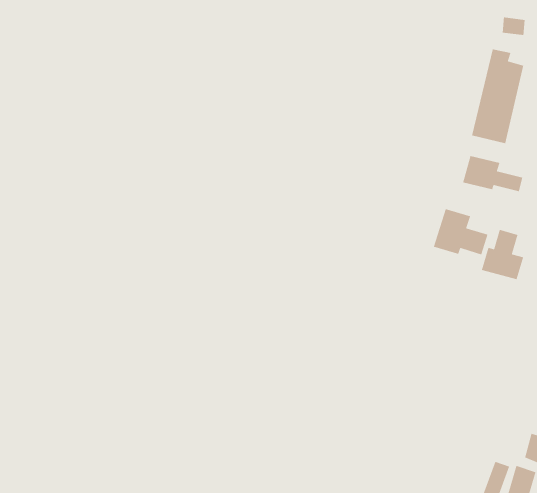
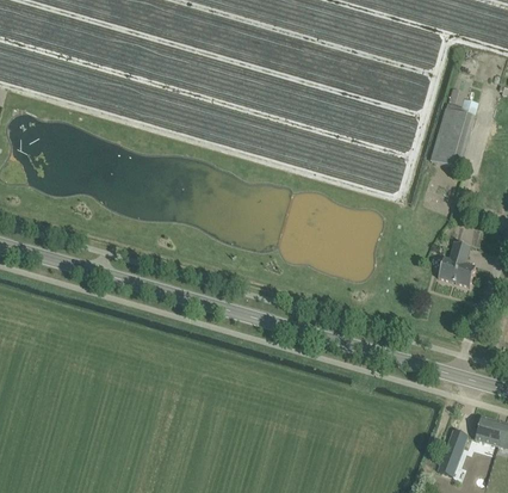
building: [462,155,523,192] -> none
building: [433,208,488,255] -> none

